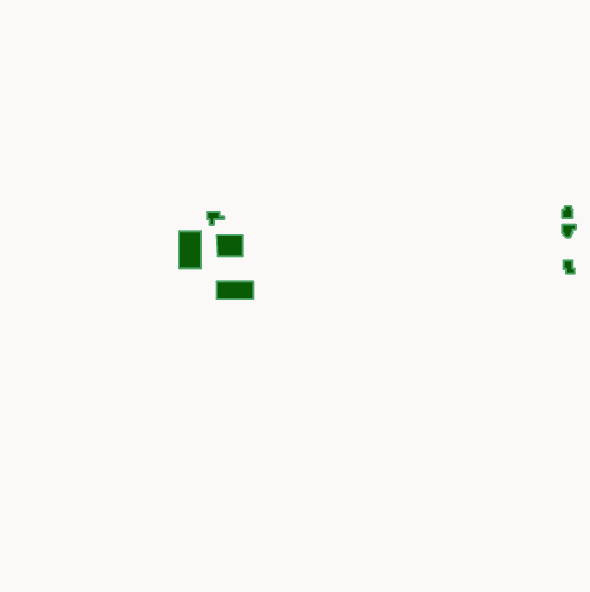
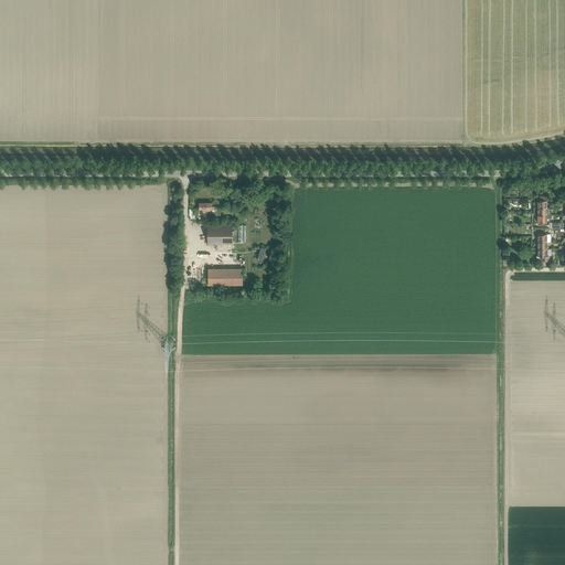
building: [179,231,201,269] -> none

